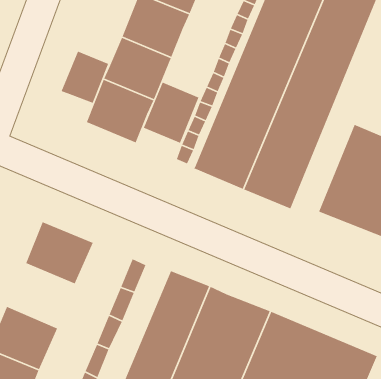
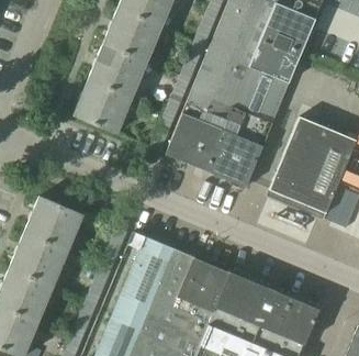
building: [60,50,109,104] -> none
building: [143,82,200,144] -> none
building: none -> [10,233,67,287]

